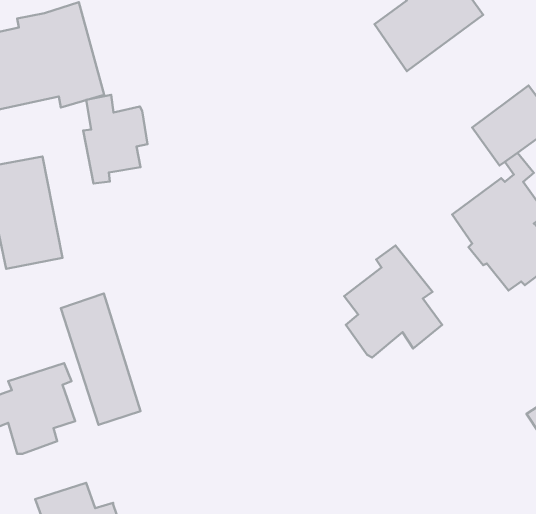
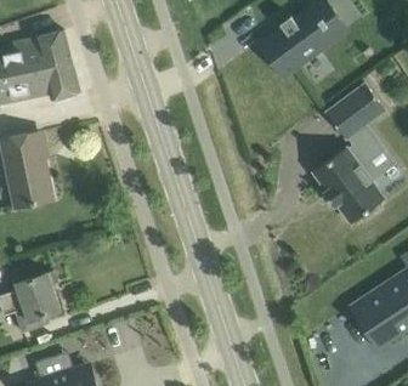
building: [83,95,147,183] -> none
building: [344,246,442,357] -> none
building: [61,294,140,425] -> none

